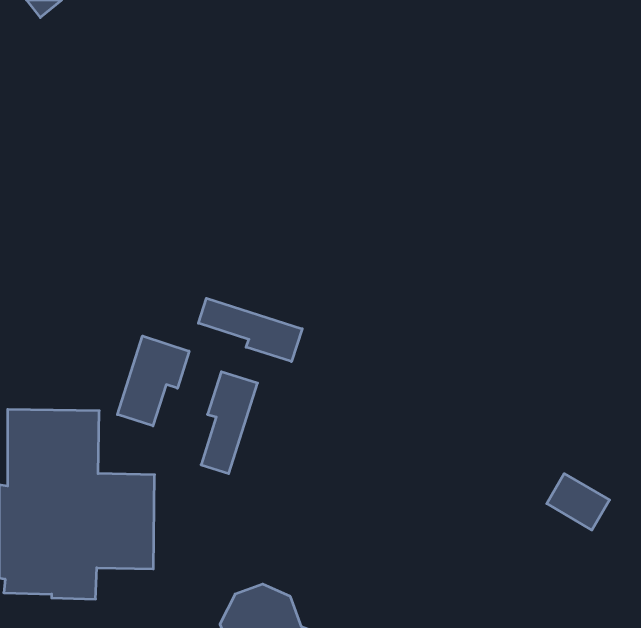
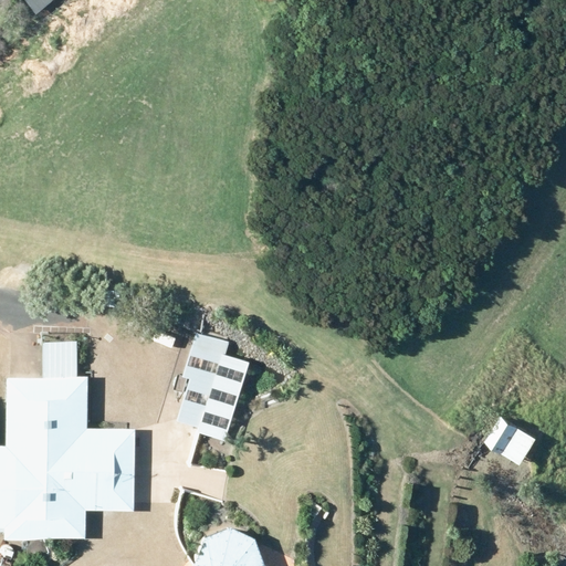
building: [198,298,302,362] -> none
building: [117,336,189,426] -> none

